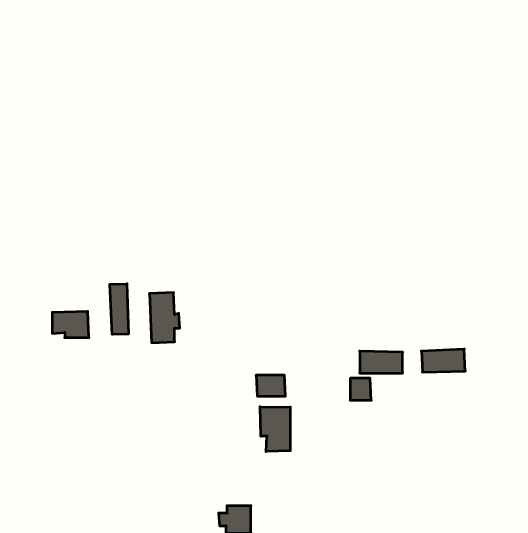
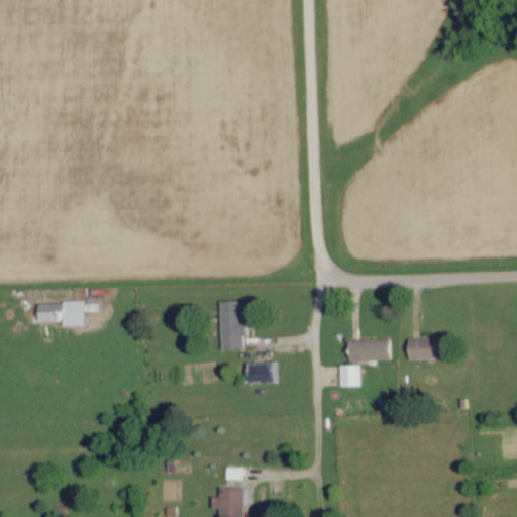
building: [110,284,128,334] -> none
building: [149,293,180,343] -> [218,301,247,349]
building: [260,407,290,452] -> none

